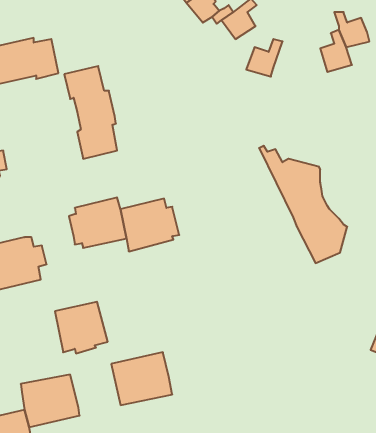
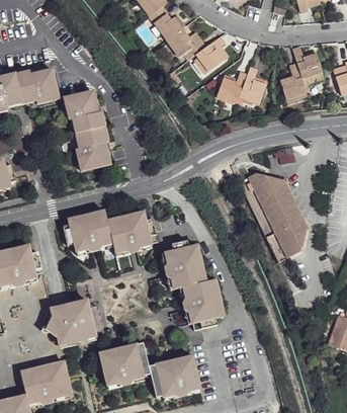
building: none -> [241,66,267,103]
building: none -> [162,239,228,327]
building: none -> [151,353,204,401]

